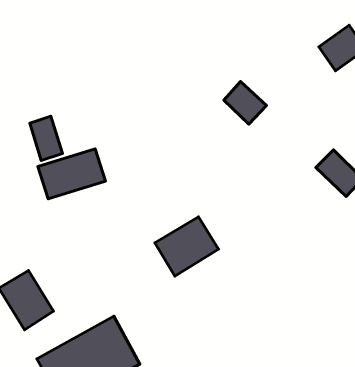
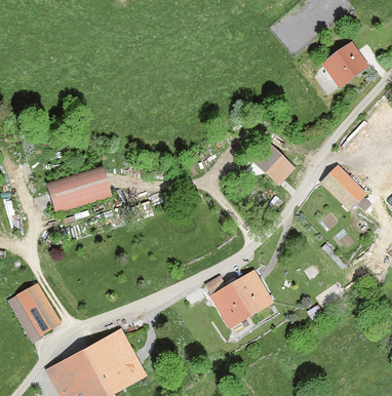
building: [224,81,267,124] -> [253,144,296,186]
building: [30,116,62,160] -> none
building: [155,217,218,276] -> [210,270,273,328]

